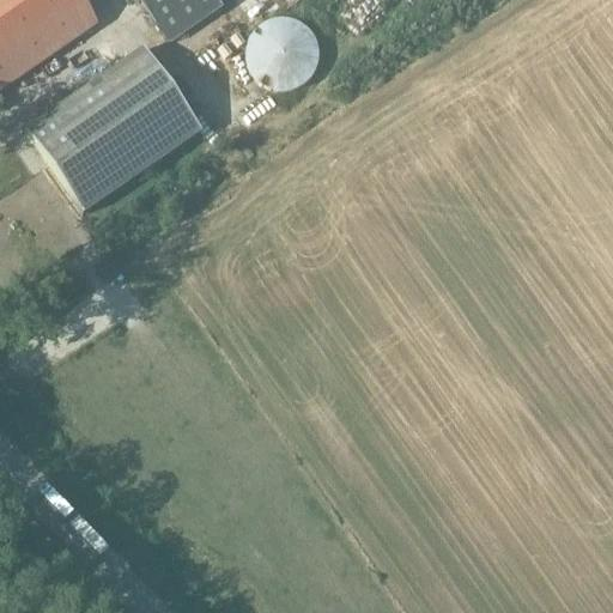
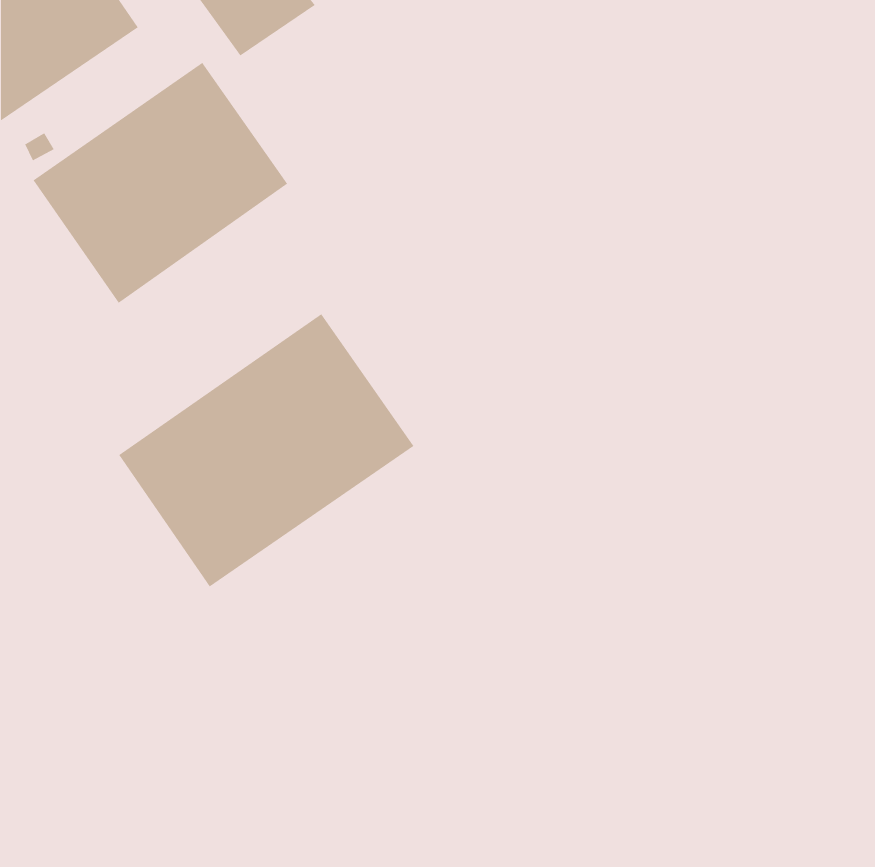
building: [247,14,318,87] -> none
building: none -> [118,313,414,587]

